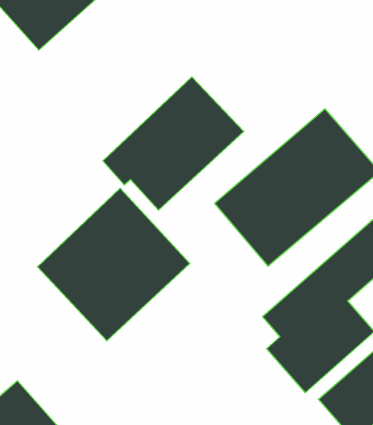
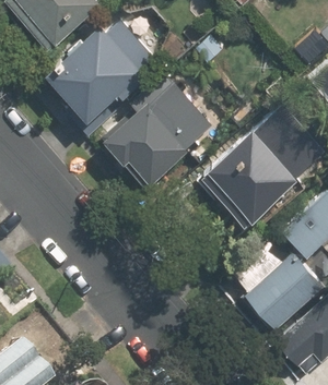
building: none -> [37,24,147,128]
building: [37,188,190,341] -> none

